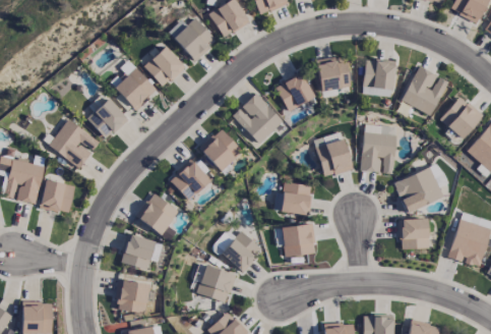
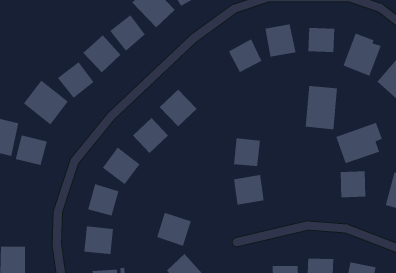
building: [232,93,283,144] -> none
building: [316,138,354,178] -> none
building: [222,231,263,272] -> none

